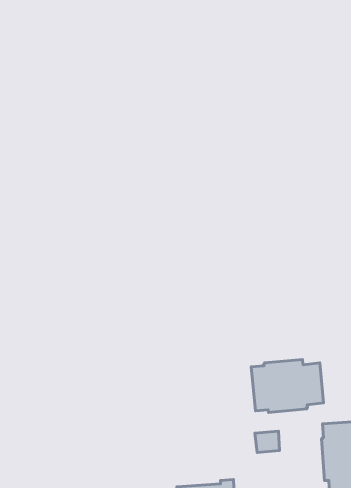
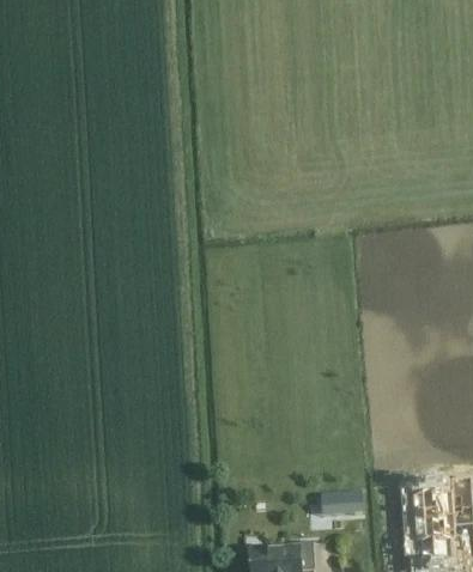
building: [251,359,324,412] -> none

